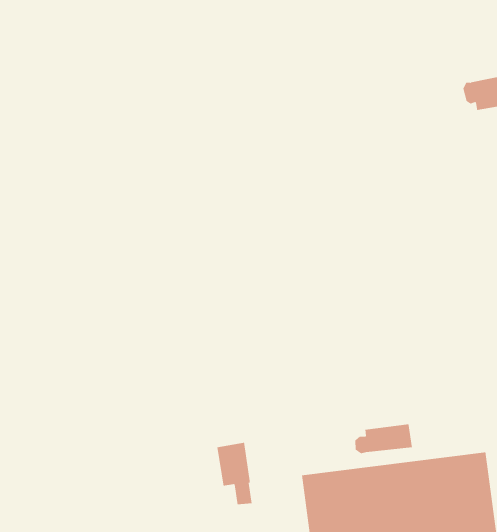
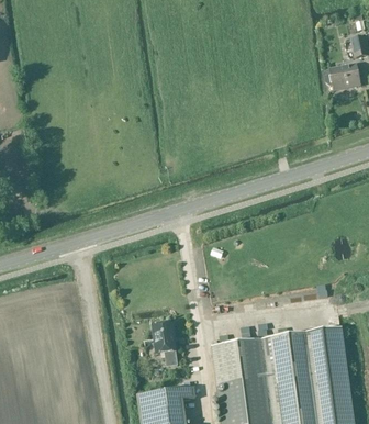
building: [355,423,413,454] -> none

